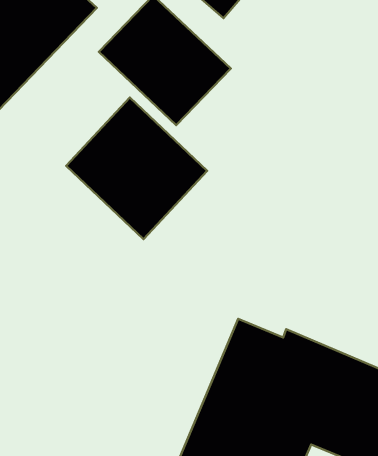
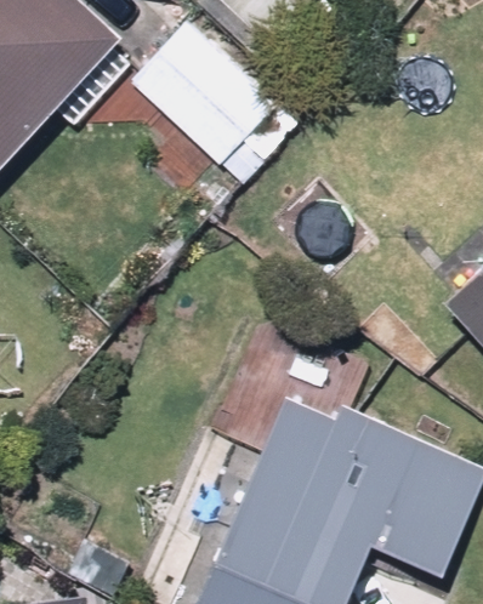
building: [66,98,207,239] -> none

